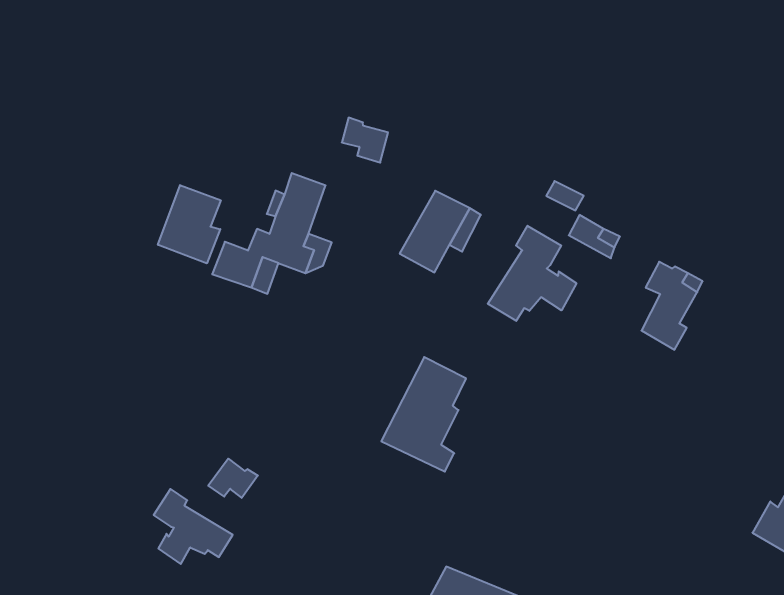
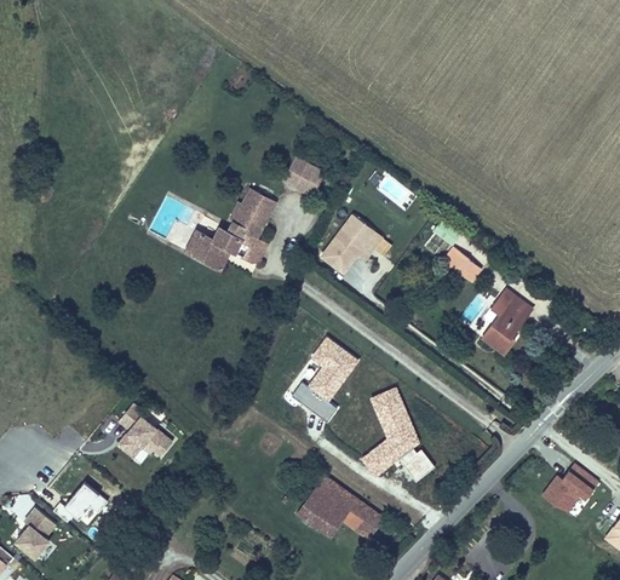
building: [158,185,221,263] -> none
building: [488,226,576,321] -> none
building: none -> [364,387,436,477]
building: [208,459,258,498] -> none

